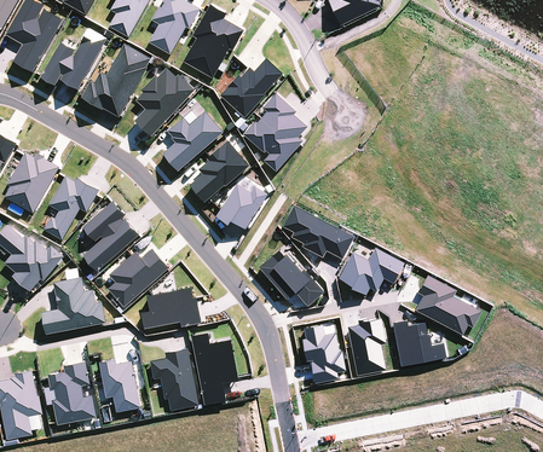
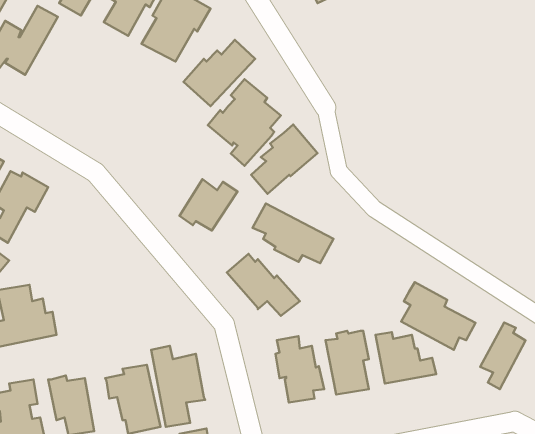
building: [81,44,150,117] -> none
building: [133,68,193,137] -> none
building: [162,110,223,170] -> none
building: [189,140,248,202] -> [251,125,317,194]
building: [82,201,138,271] -> none
building: [337,247,403,294] -> none
building: [108,248,168,306] -> none
building: [140,286,200,328] -> none
building: none -> [480,323,526,389]

